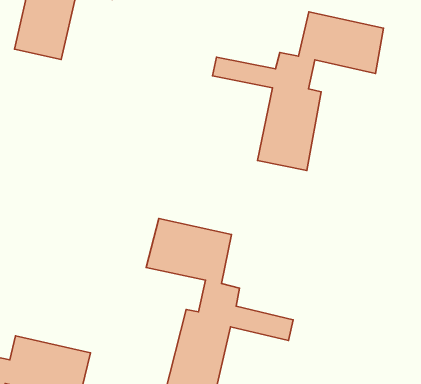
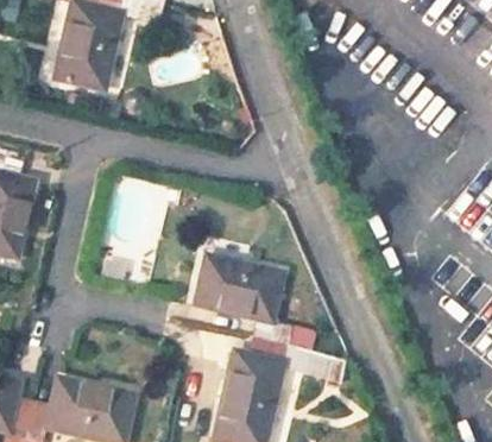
building: [213,12,384,171] -> none

